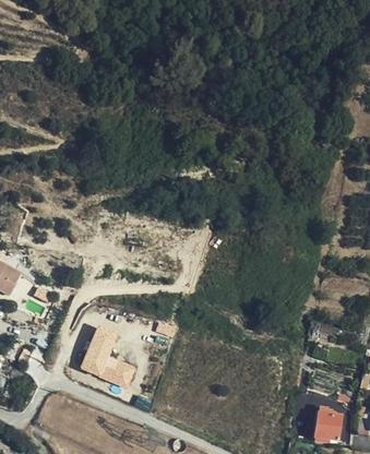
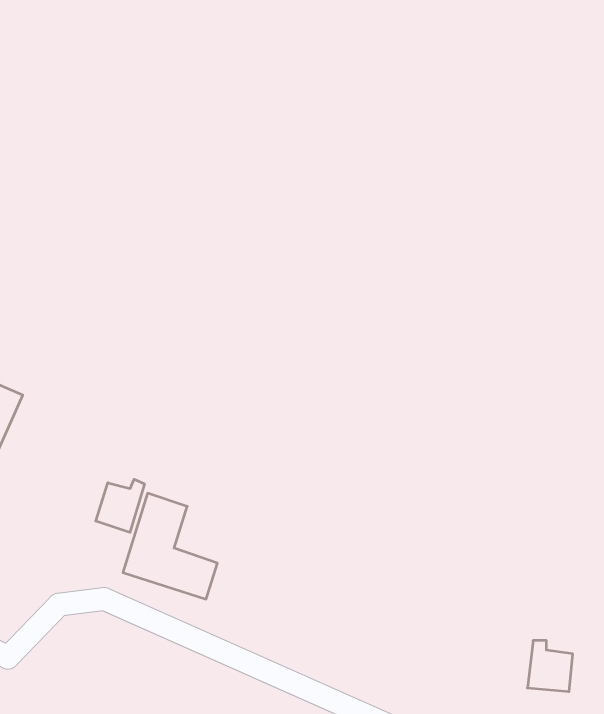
building: none -> [96,479,144,532]

